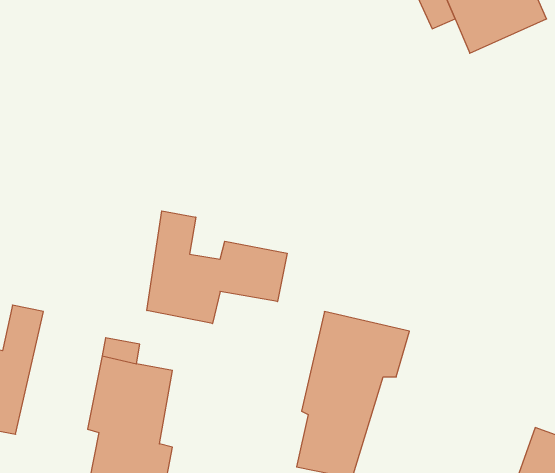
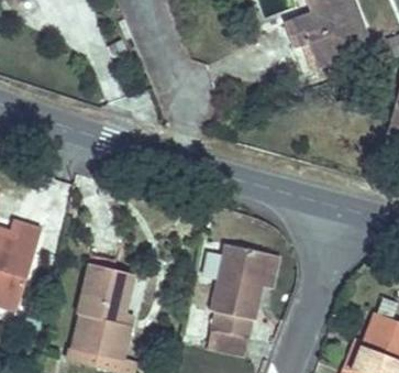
building: [147,211,287,324] -> none

